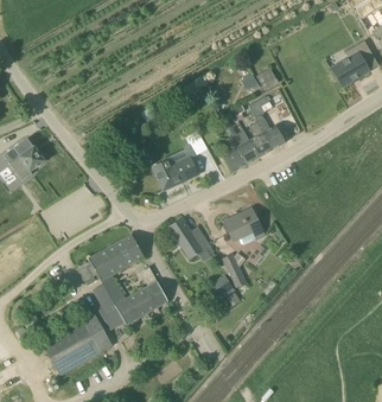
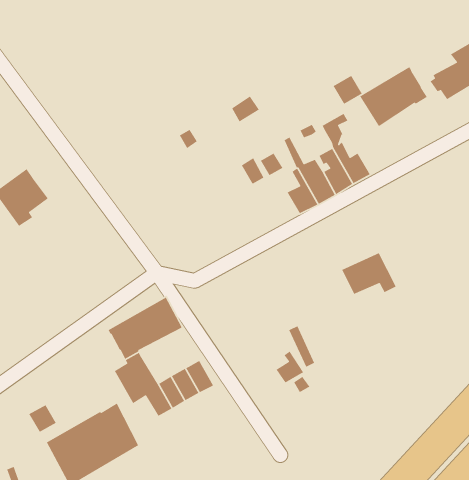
building: none -> [359,66,428,127]
building: [152,157,198,191] -> none
building: [223,209,265,241] -> [341,252,397,295]
building: [168,218,210,259] -> none

